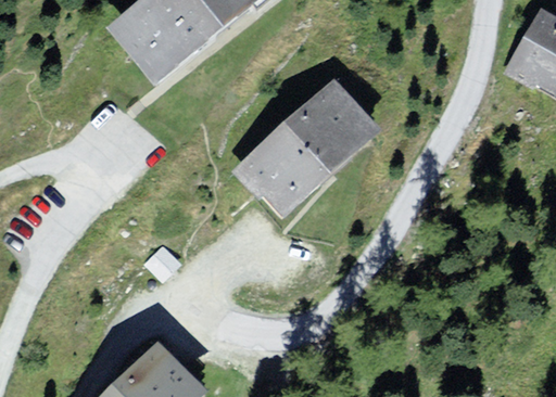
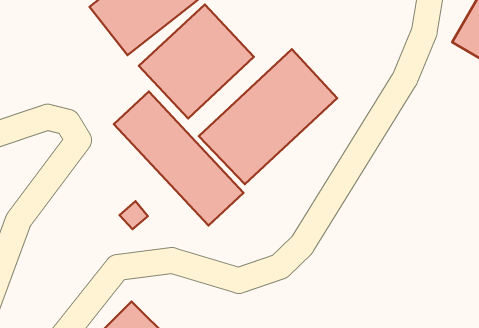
building: none -> [139,4,254,119]
building: none -> [114,92,243,225]

